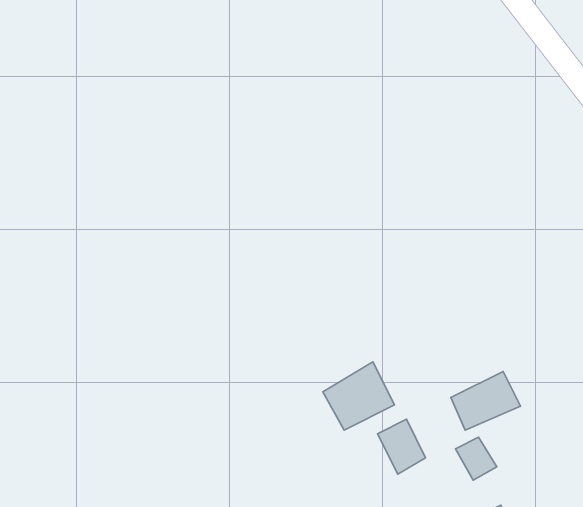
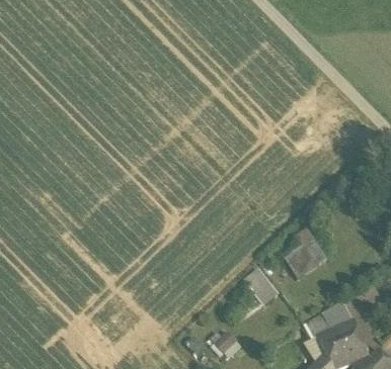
building: [323,362,395,430] -> none

